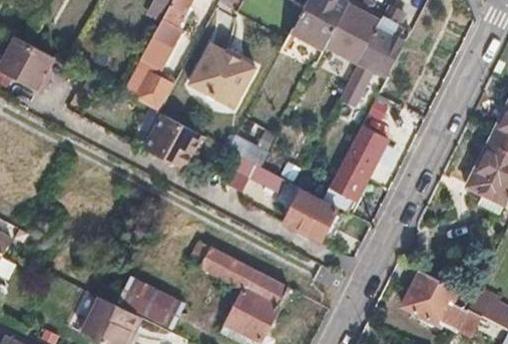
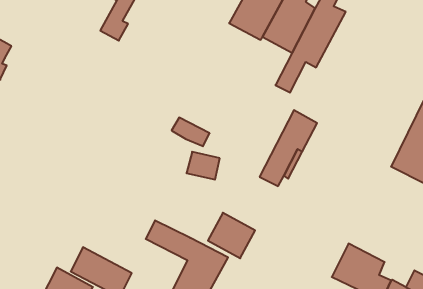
building: [191,41,256,104] -> none
building: [133,71,172,110] -> none
building: [146,114,203,170] -> none
building: [285,191,336,240] -> [208,213,255,258]

